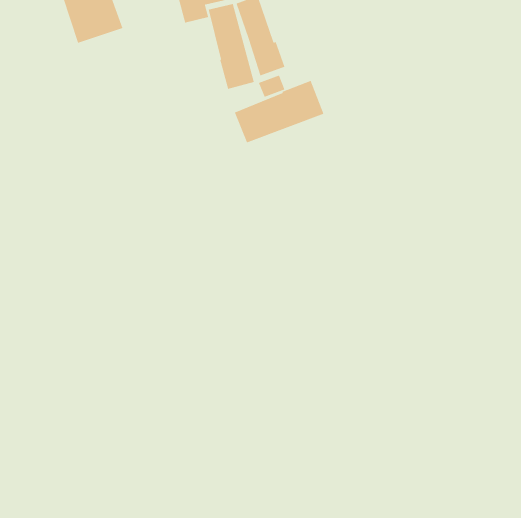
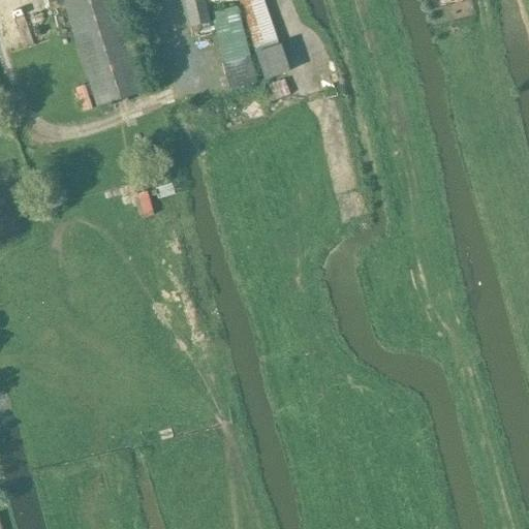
building: none -> [79,29,144,103]
building: [234,80,324,144] -> none

